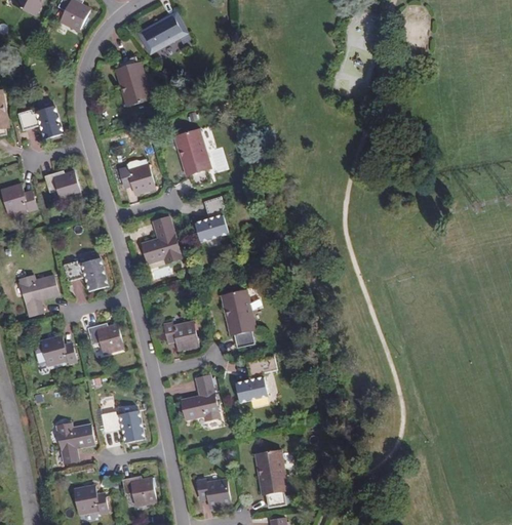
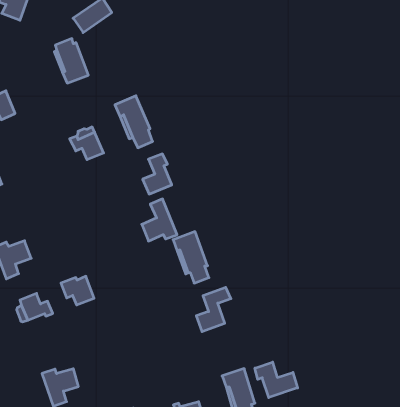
building: [45,170,80,201] -> none
building: [143,217,181,262] -> [142,199,177,241]
building: [65,258,108,291] -> none
building: [164,321,199,350] -> none
building: [182,374,220,420] -> none
building: [102,411,144,442] -> none
building: none -> [255,362,298,398]

